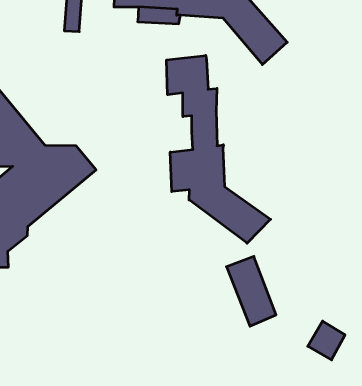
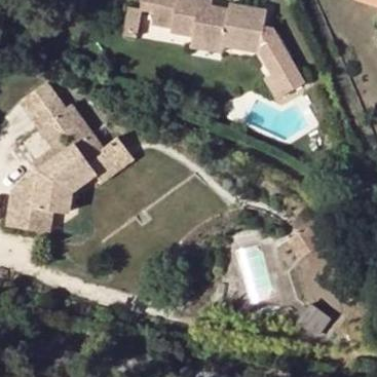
building: [167,55,271,243] -> none

